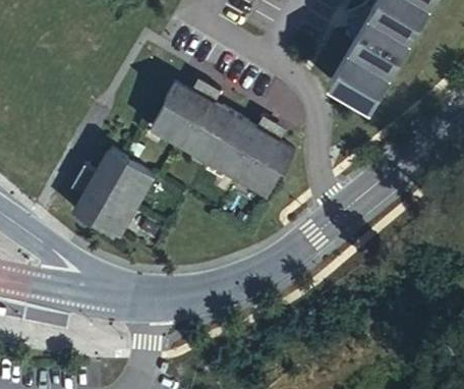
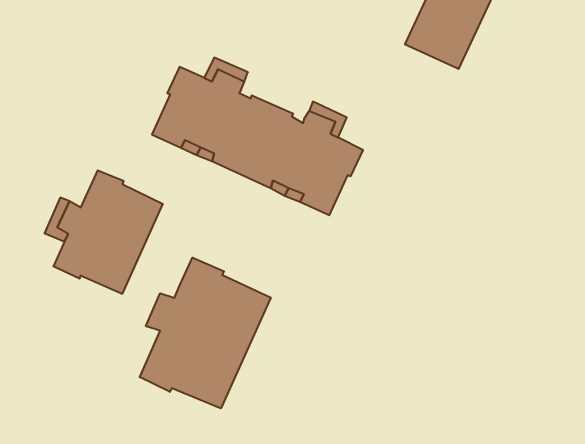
building: none -> [140,258,271,408]

